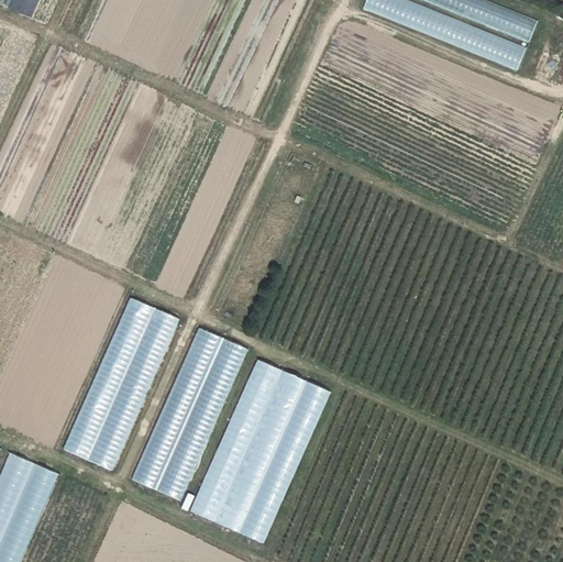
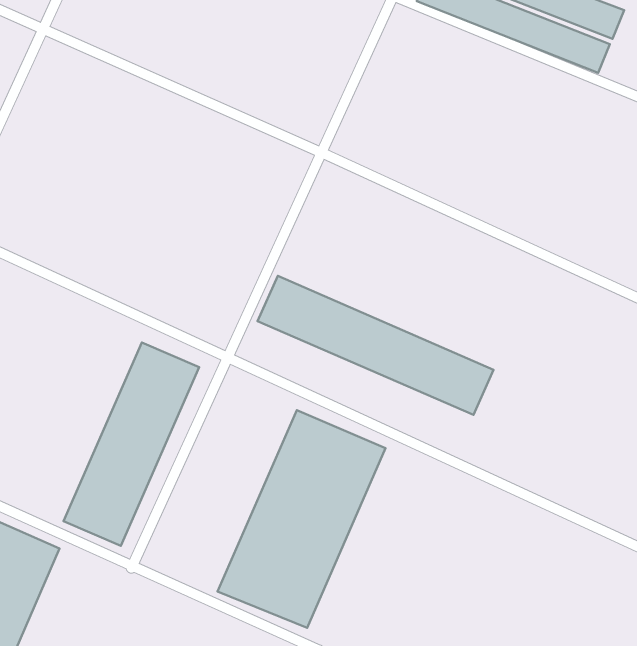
building: none -> [258,276,494,415]
building: [130,329,244,500] -> none

